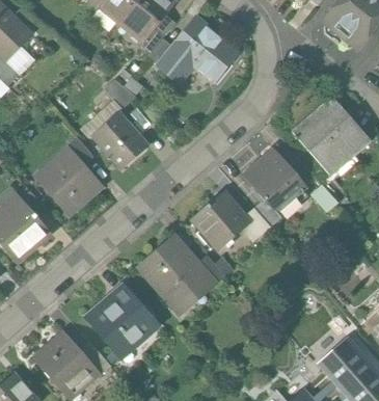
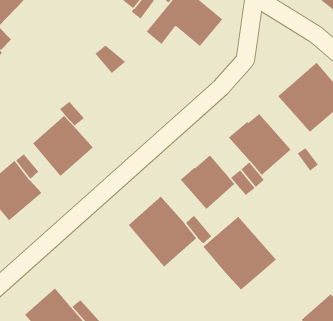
building: [92,111,148,169] -> none
building: none -> [203,216,277,290]
building: [91,284,158,353] -> none

